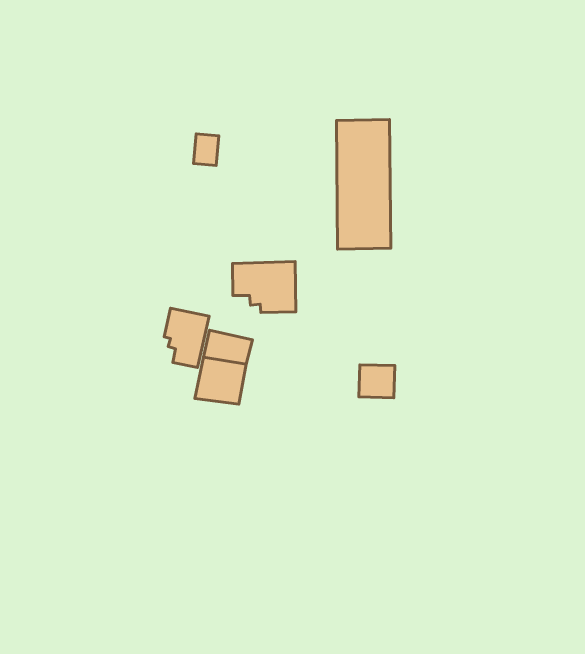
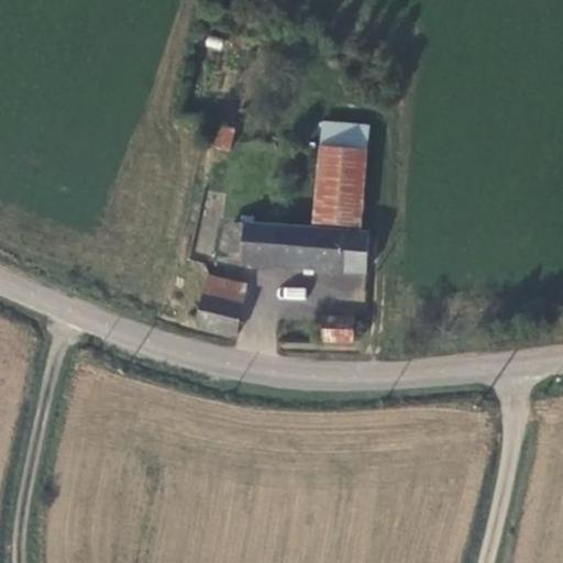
building: none -> [279,228,368,272]
building: [164,308,209,368] -> none

